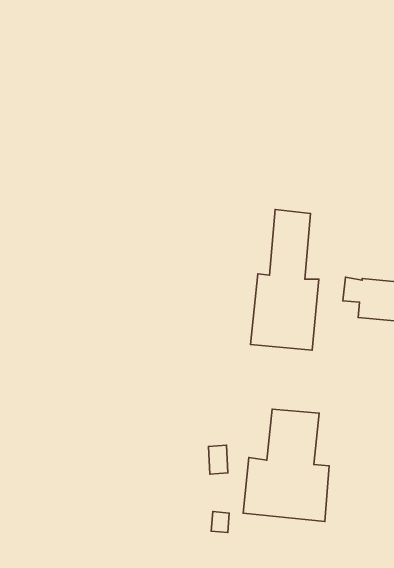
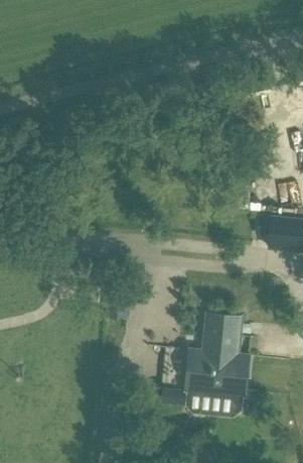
building: [250,209,319,350] -> none

